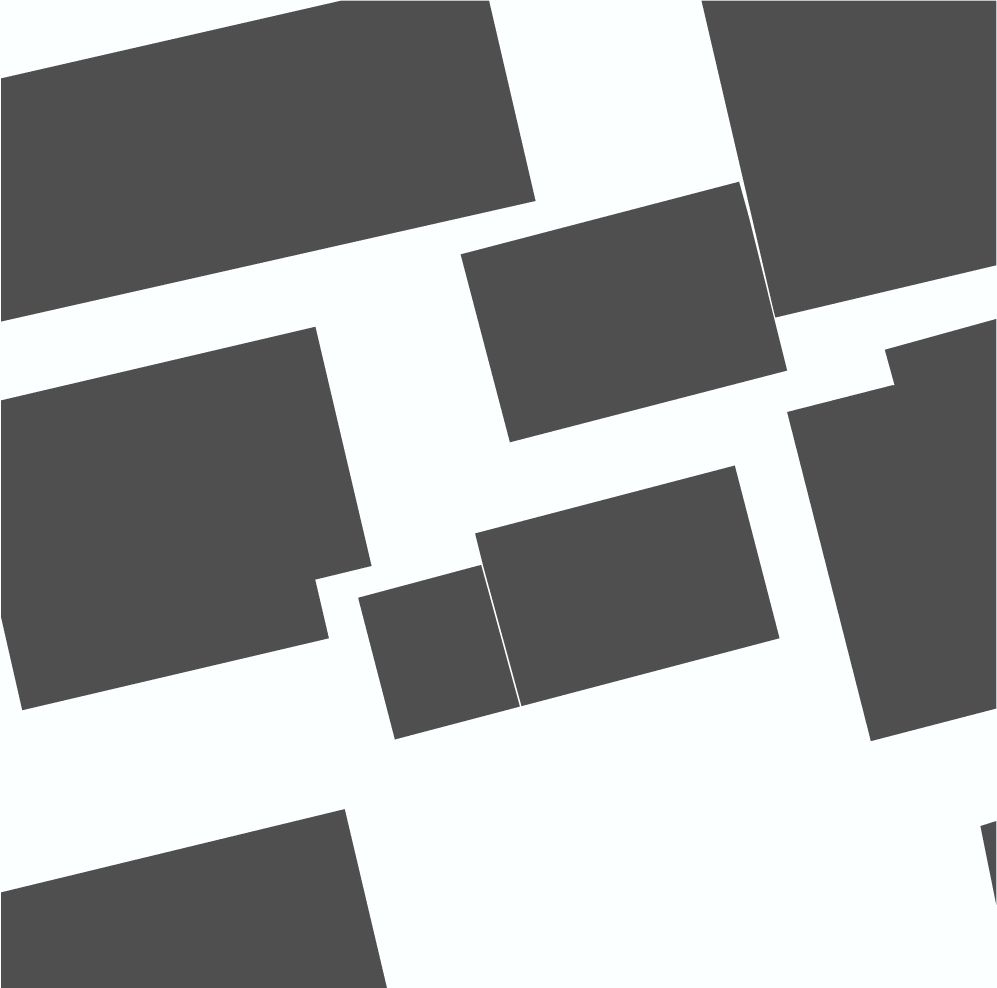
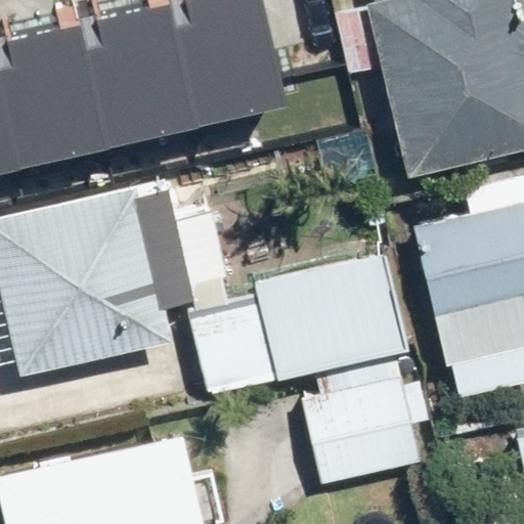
building: [460,181,788,443] -> none
building: none -> [296,370,429,485]

